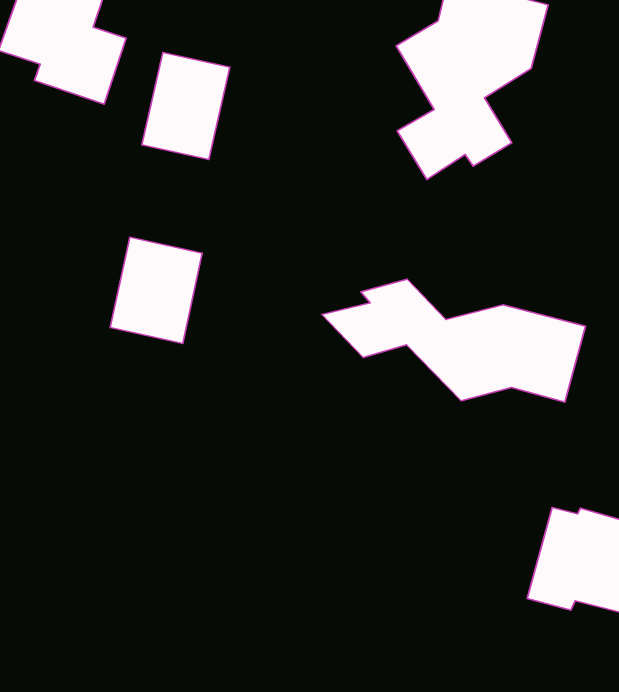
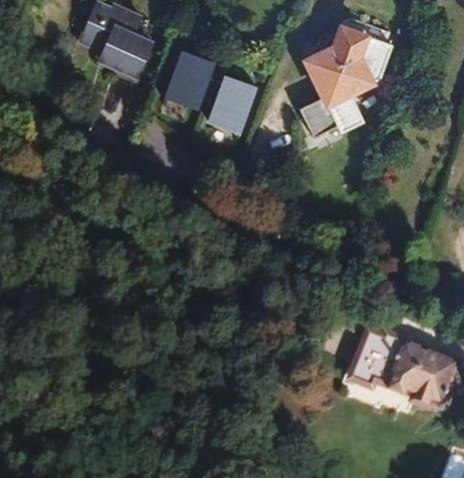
building: [110,237,202,344] -> [197,73,254,136]
building: [322,279,585,402] -> none

